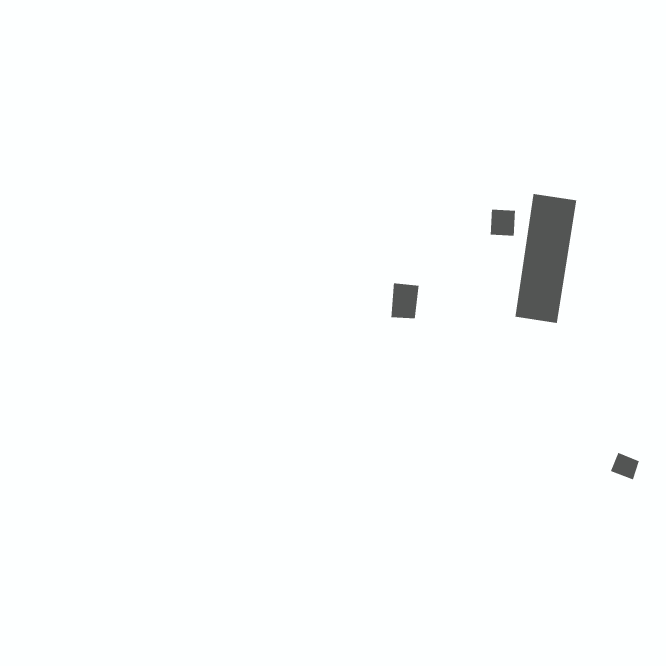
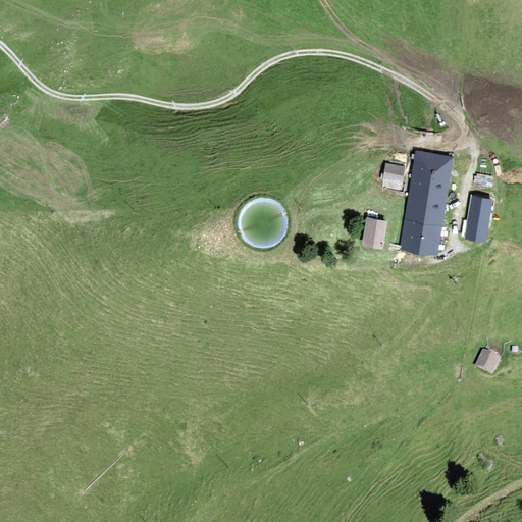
building: none -> [466,197,491,241]
building: [391,282,419,319] -> [362,218,384,247]

